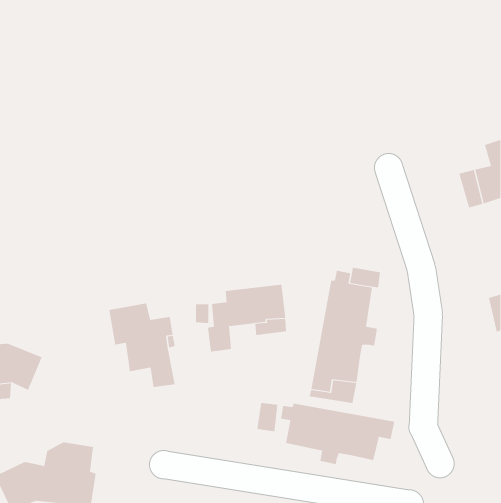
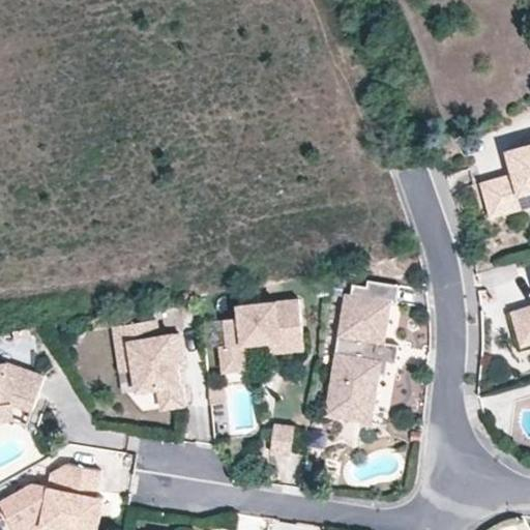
building: [281,403,395,465] -> none

